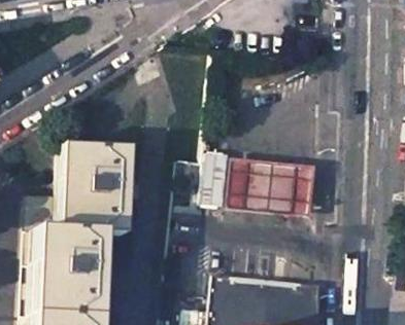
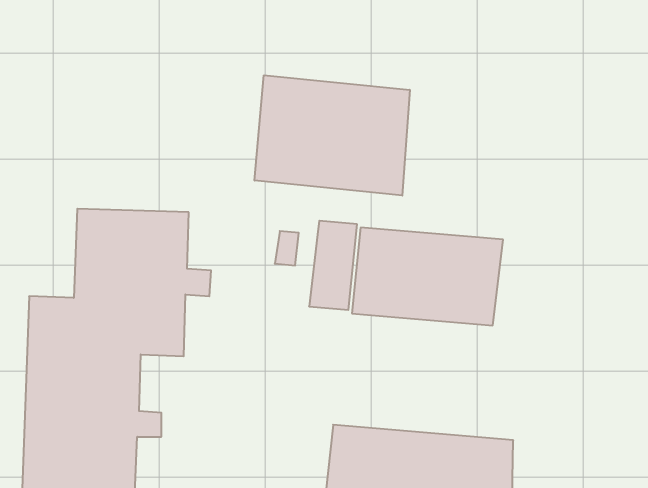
building: none -> [255,75,410,196]

